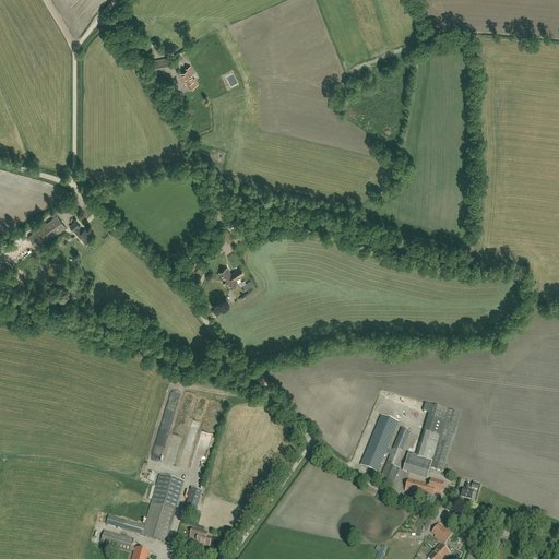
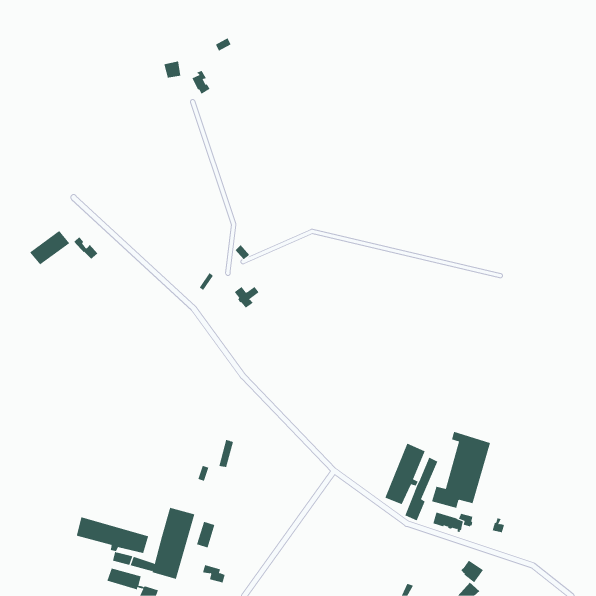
building: none -> [76,517,149,554]

